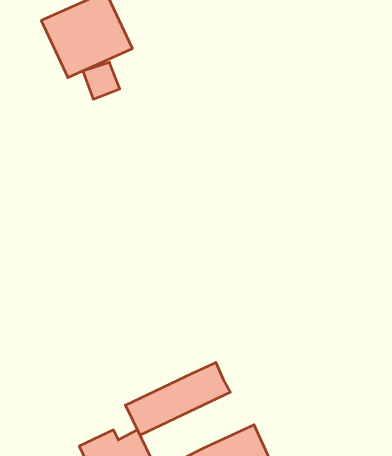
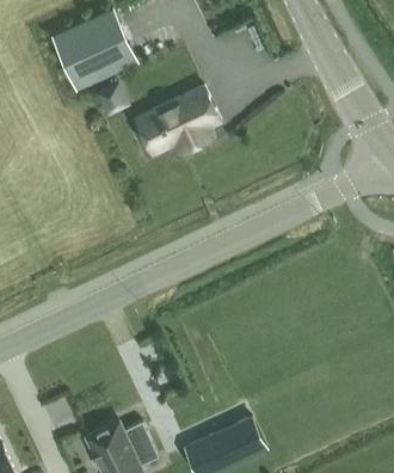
building: none -> [134,86,221,154]
building: [125,362,230,435] -> none

